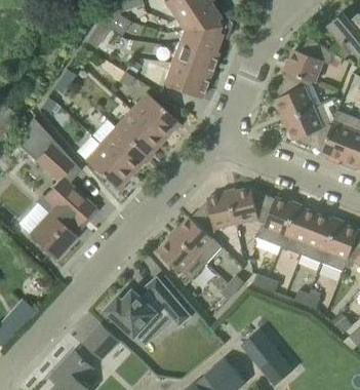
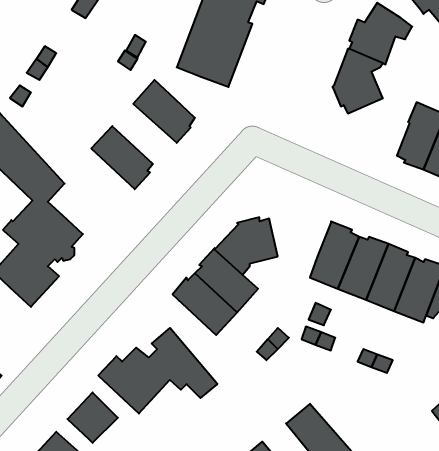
building: [288,107,333,150] -> none
building: [116,111,163,155] -> none
building: [85,144,132,189] -> none
building: [231,188,276,224] -> none

